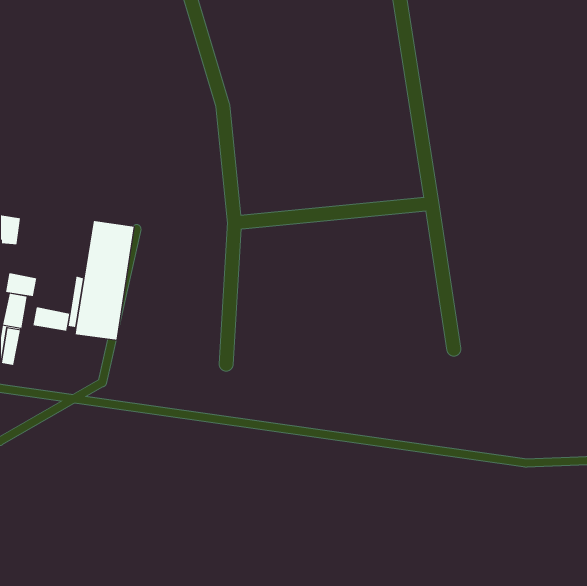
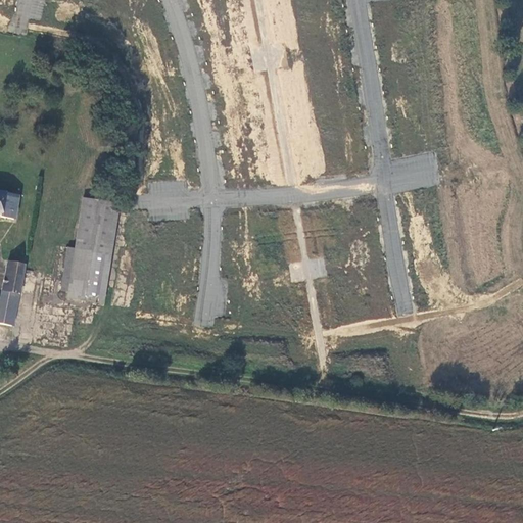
building: [5,272,37,297] -> none
building: [33,306,70,331] -> none

